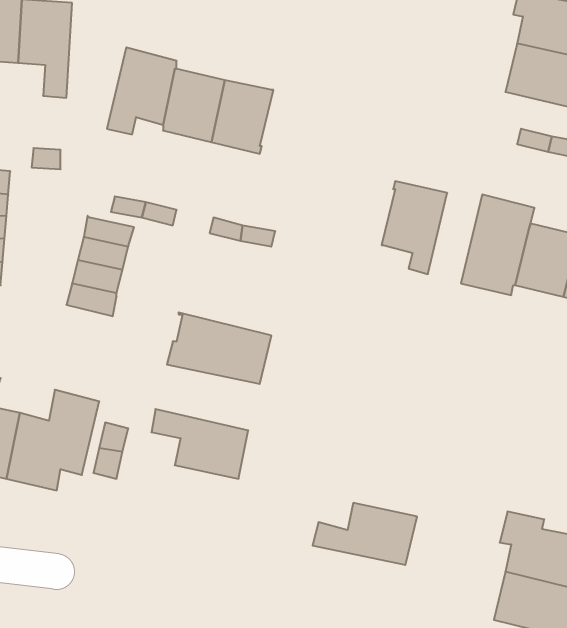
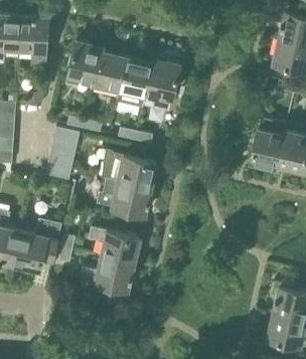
building: [382,181,447,274] -> [145,59,179,108]
building: none -> [103,154,157,191]
building: [313,503,417,565] -> [80,258,134,291]

